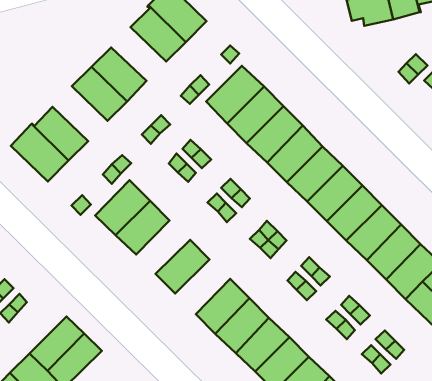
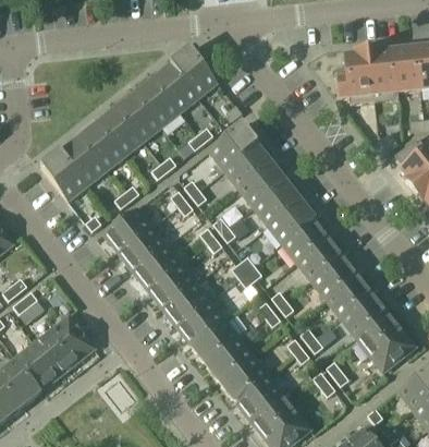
building: none -> [135,78,180,125]
building: none -> [79,122,124,170]
building: none -> [134,245,181,289]
building: none -> [162,282,210,327]

